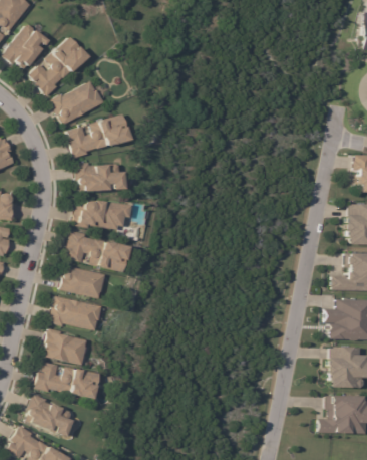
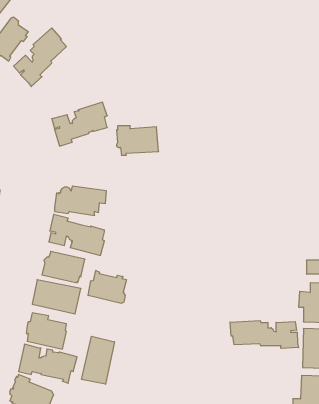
building: [51,79,103,124] -> none
building: [77,162,120,192] -> [117,126,159,155]
building: none -> [88,270,126,303]
building: none -> [230,321,299,348]
building: none -> [81,336,114,384]

